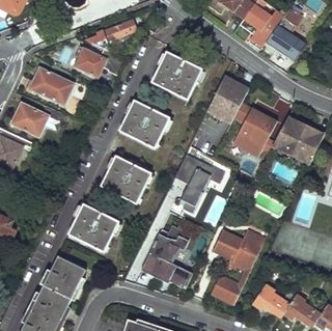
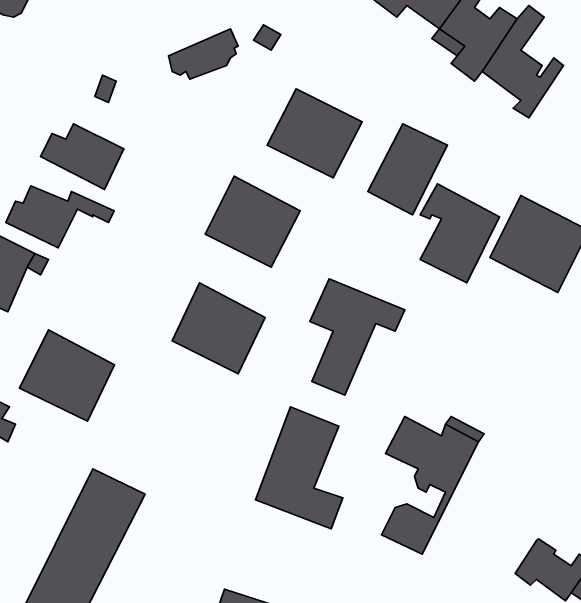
building: [73,48,125,77] -> none
building: [67,202,118,251] -> [20,330,114,421]
building: [253,282,296,315] -> none

